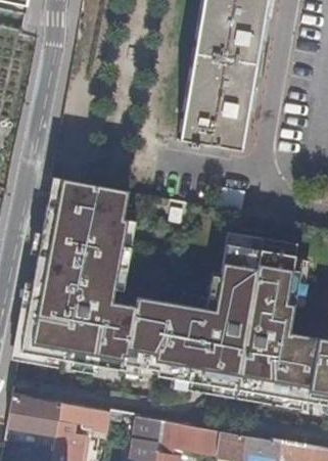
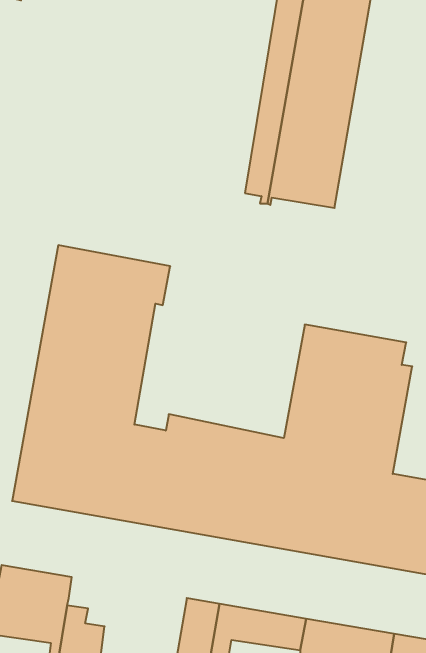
building: [60,404,112,443] -> none

